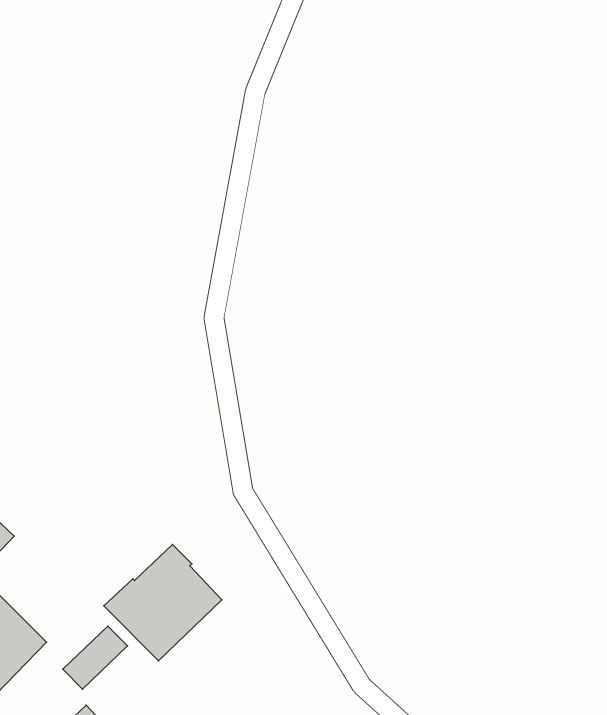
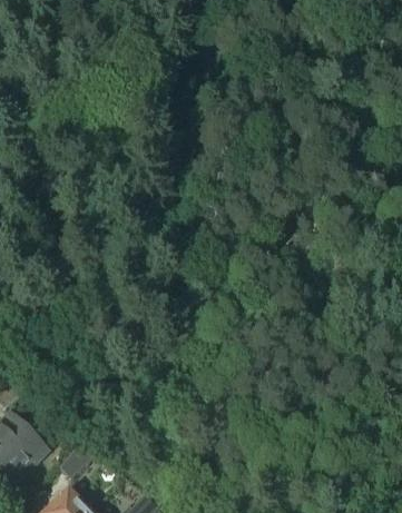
building: [104,545,222,661] -> none

